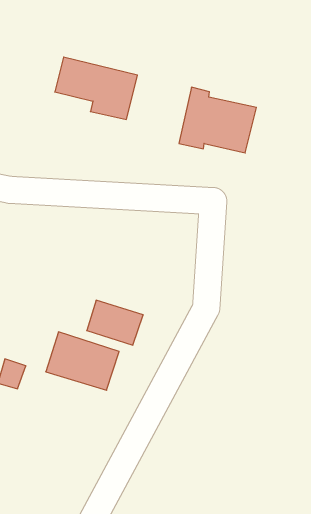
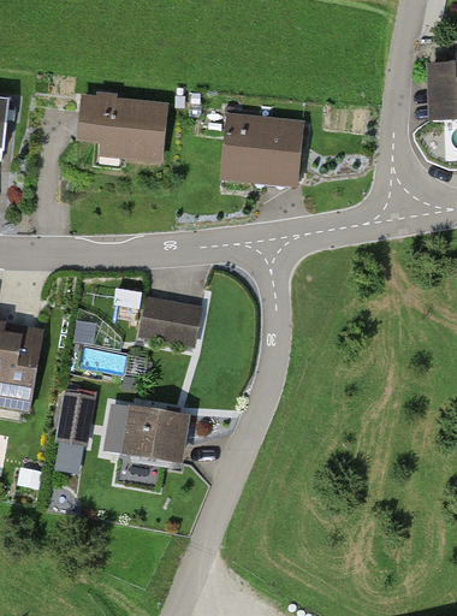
building: [87,300,143,345] -> [142,298,202,343]
building: none -> [60,389,93,443]

